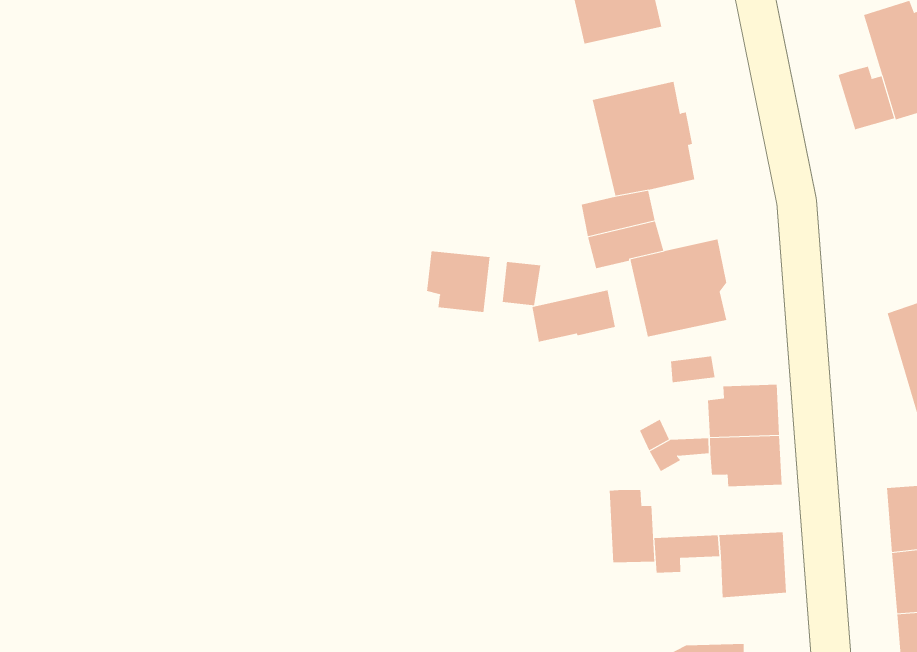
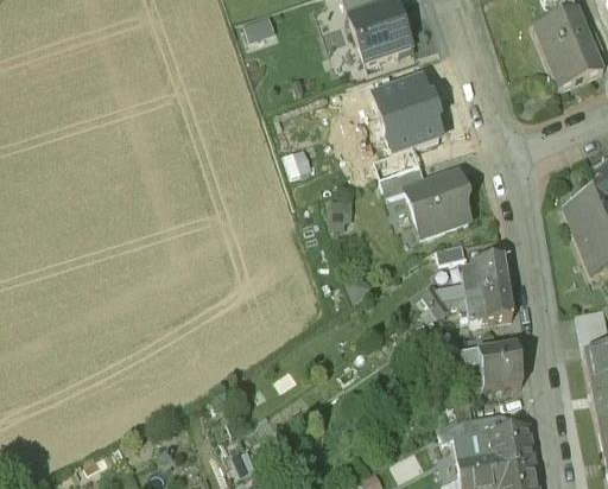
building: [838,66,895,130] -> none
building: [426,250,490,313] -> none
building: [532,290,615,342] -> none
building: [609,489,655,563] -> none

